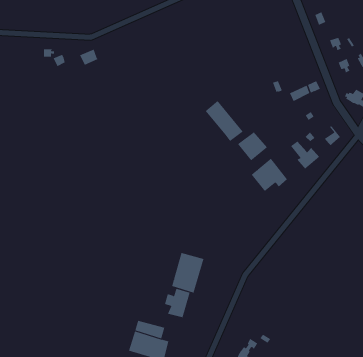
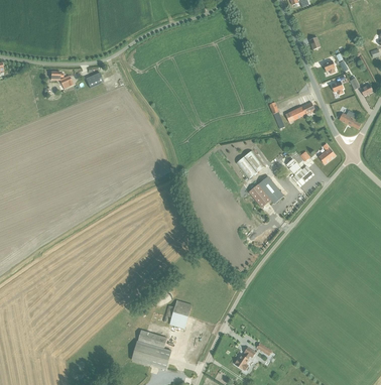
building: [205,100,243,142] -> none
building: [171,252,204,294] -> none

